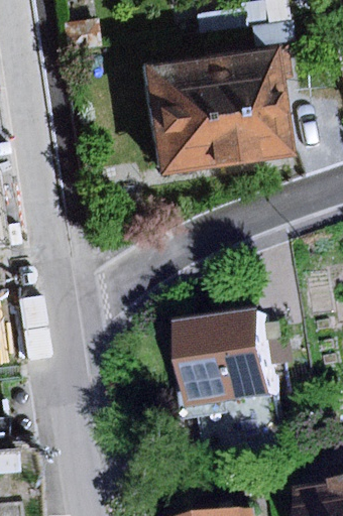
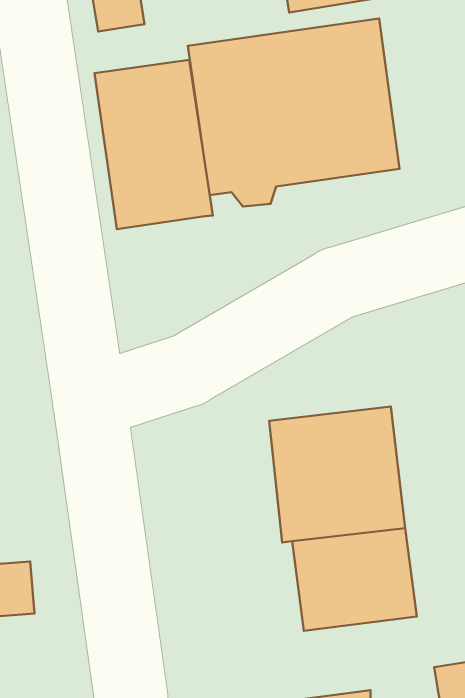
building: none -> [95,60,213,229]

